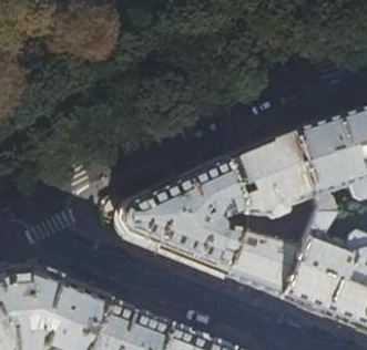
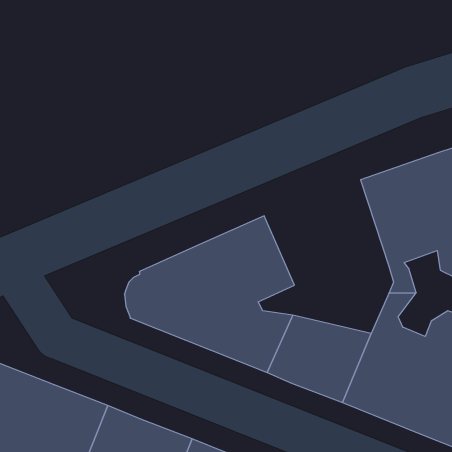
building: [224,134,316,222] -> none

